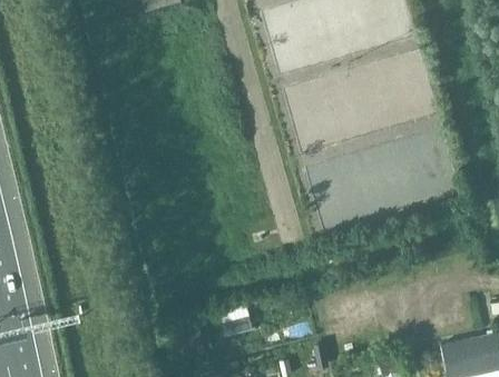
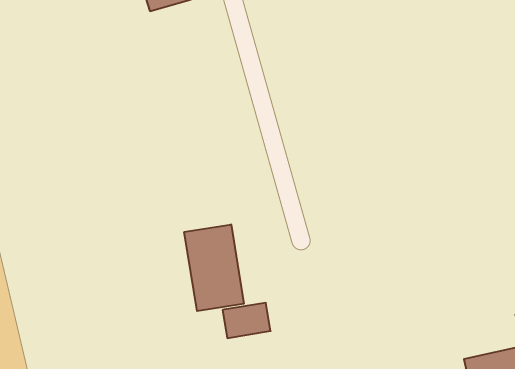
building: none -> [184,224,244,311]

